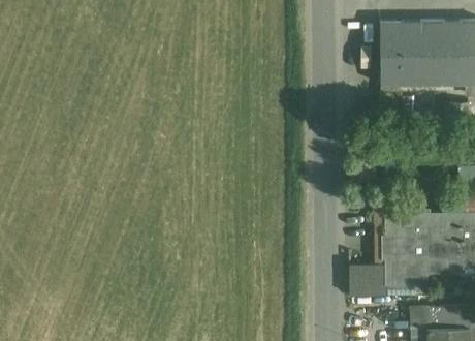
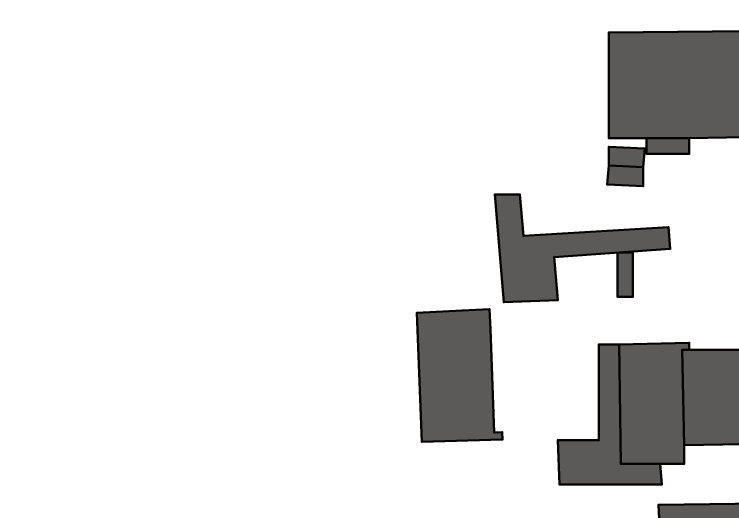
building: none -> [495,195,670,302]
building: none -> [417,309,502,442]

